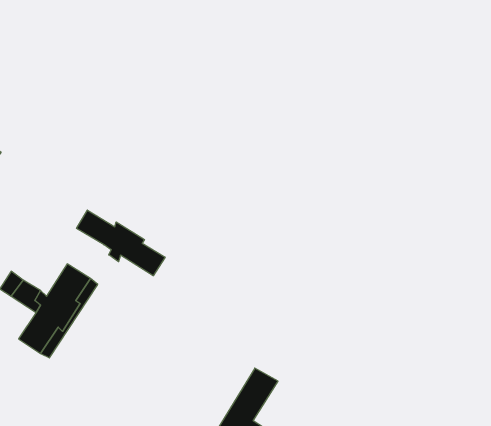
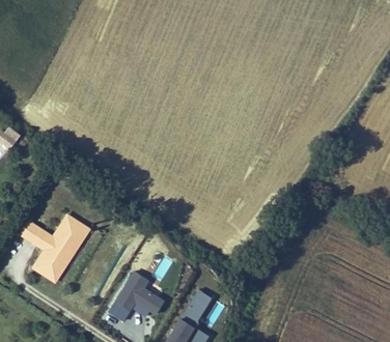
building: [77,210,165,276] -> none
building: none -> [109,270,167,322]

